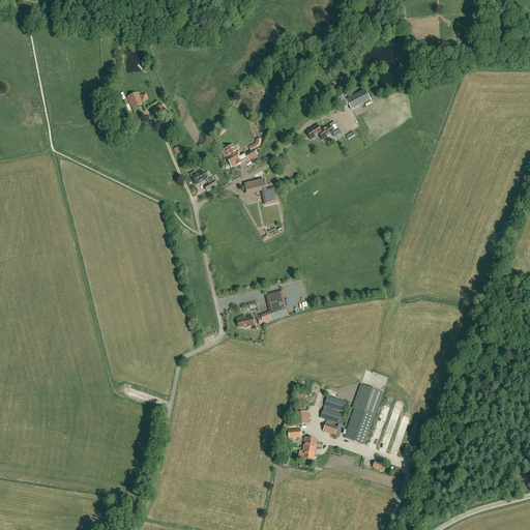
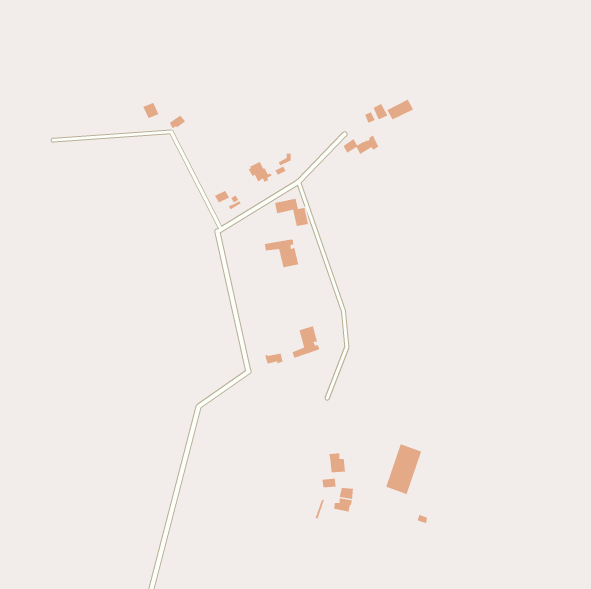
building: none -> [264,239,299,268]
building: [320,394,346,434] -> none

